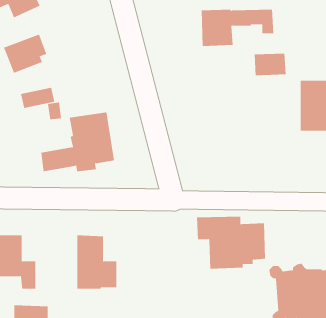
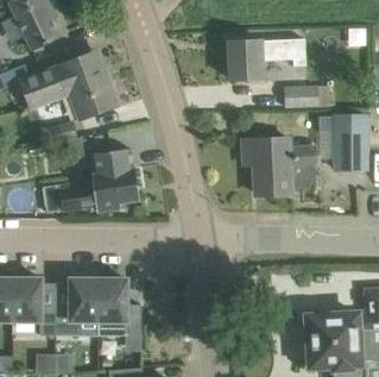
building: none -> [59,52,118,118]
building: [196,216,266,269] -> [242,138,316,194]
building: none -> [56,277,99,334]

